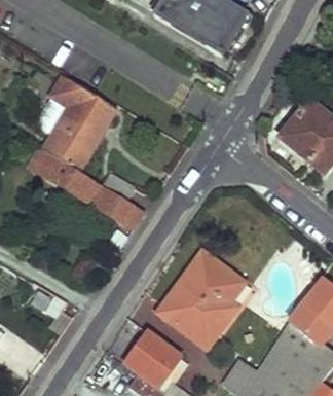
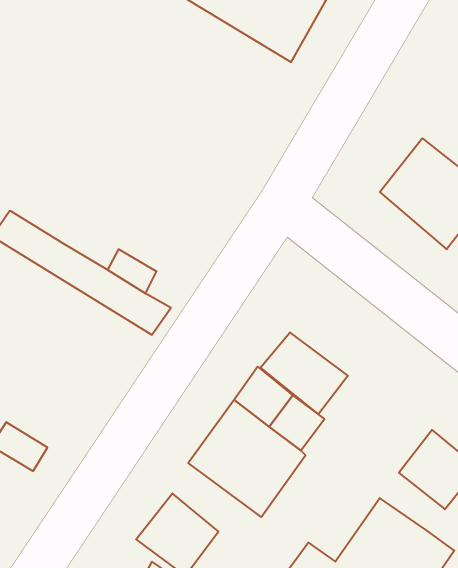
building: [42,75,115,170] -> none
building: none -> [261,332,348,414]

